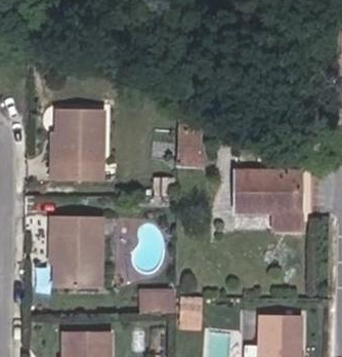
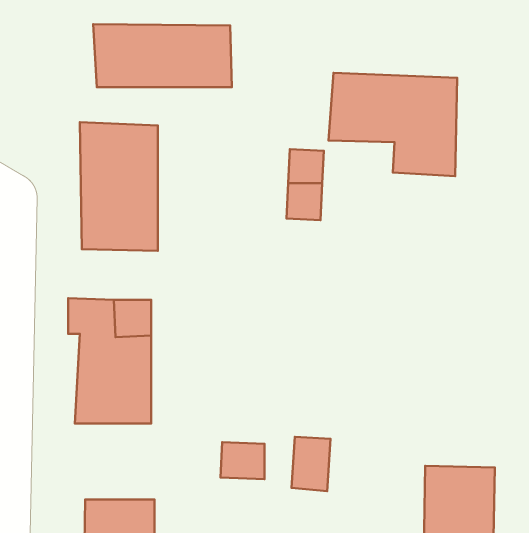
building: none -> [93,24,232,87]
building: [241,169,318,232] -> [328,73,457,176]

